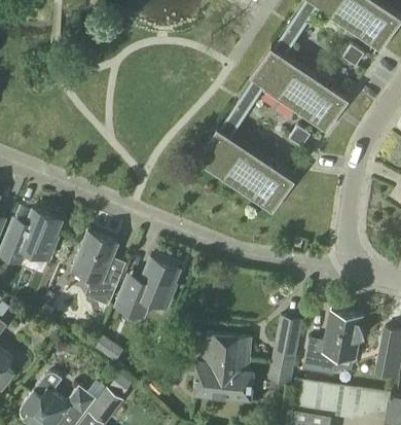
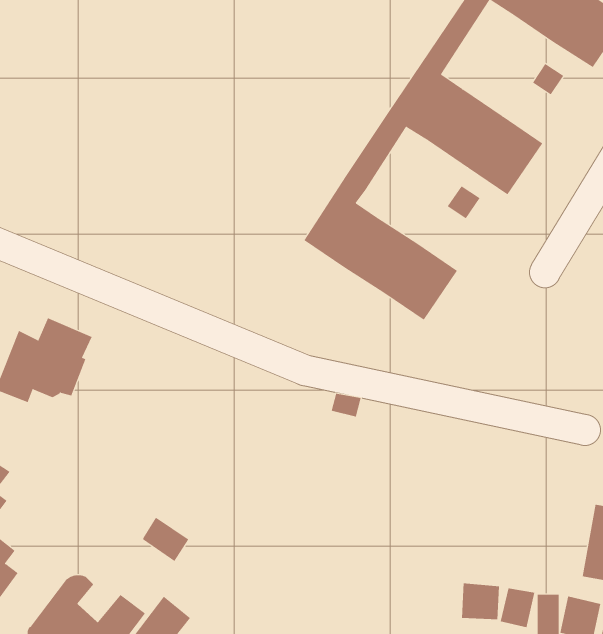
building: [73,233,124,305] -> none
building: [115,257,180,319] -> none
building: [302,313,363,376] -> none
building: [269,318,301,384] -> none
building: [193,335,253,401] -> none

